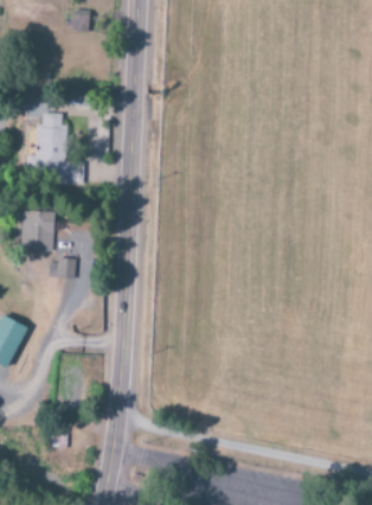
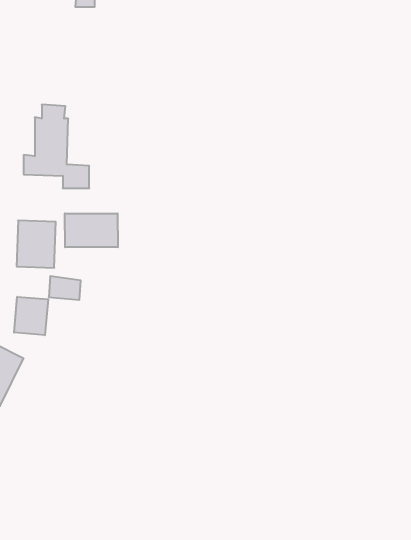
building: none -> [65,213,118,247]
building: none -> [14,297,48,335]

